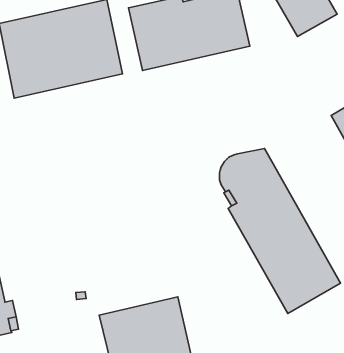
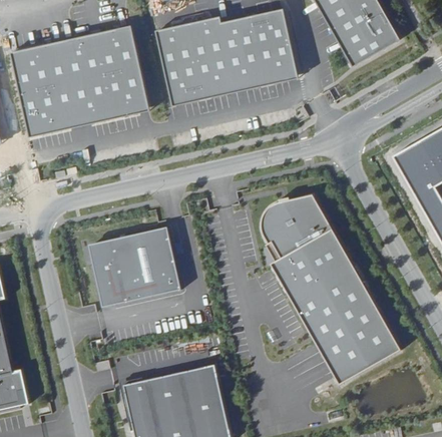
building: none -> [89,227,180,305]

